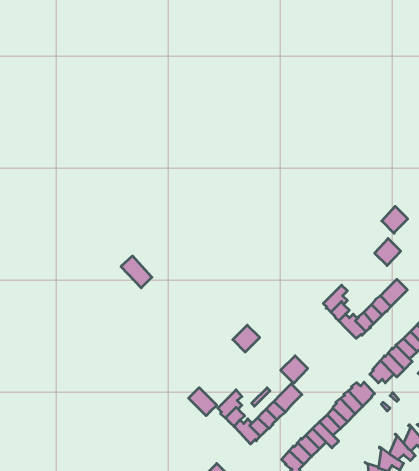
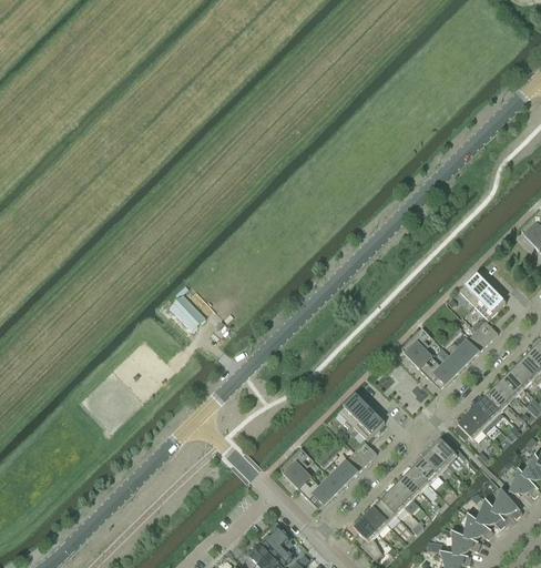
building: [382,206,408,233] -> [474,287,504,318]
building: [233,325,260,352] -> [338,393,369,424]
building: [189,388,217,416] -> none

